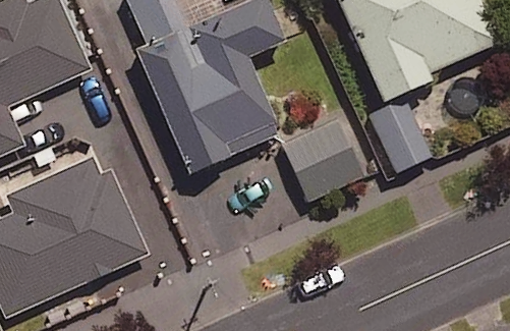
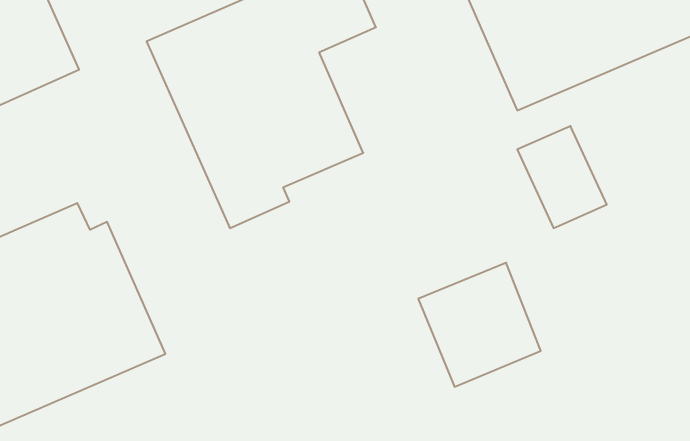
building: [286,119,365,200] -> [418,263,541,387]

